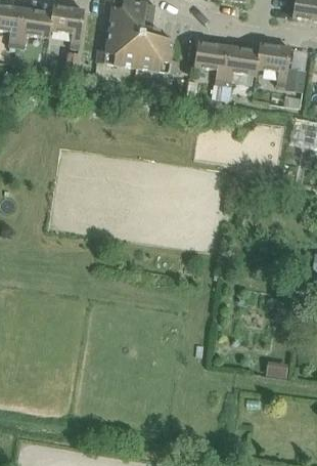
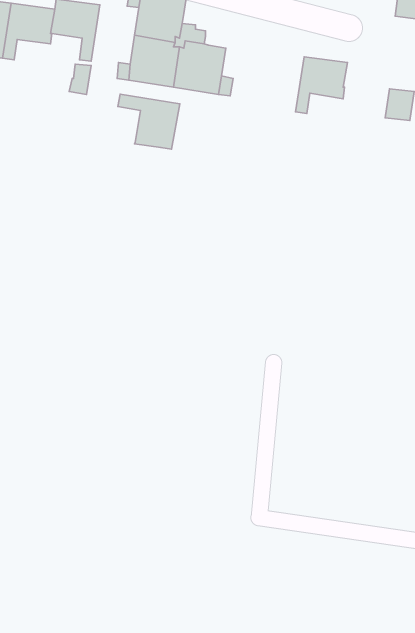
building: [193,41,228,84] -> none
building: [256,42,290,86] -> none
building: none -> [118,94,180,149]

